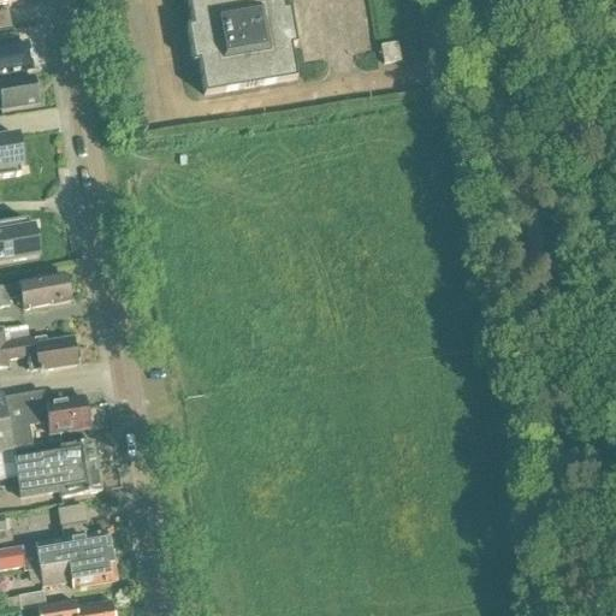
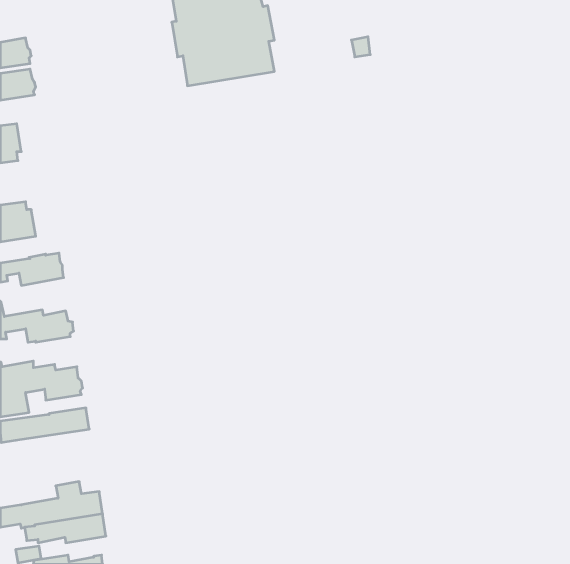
building: [17,463,100,496] -> none

